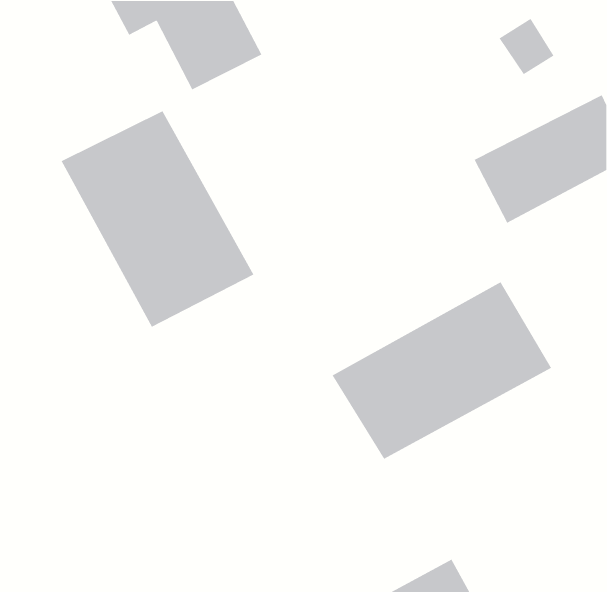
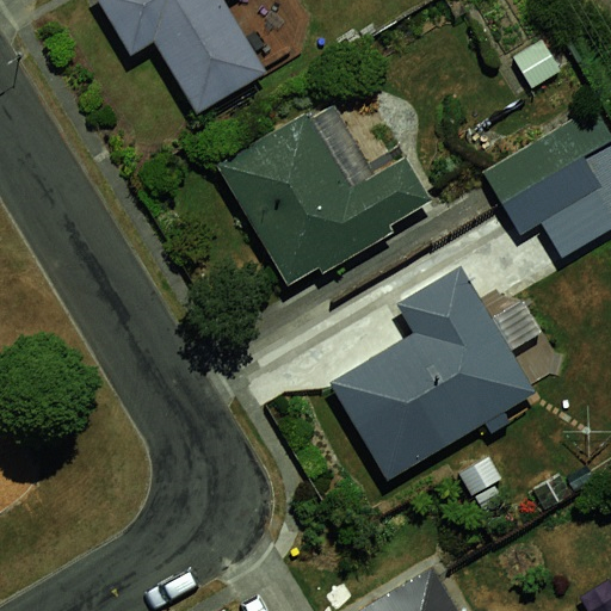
building: none -> [221,103,443,290]
building: [60,110,254,328] -> none

